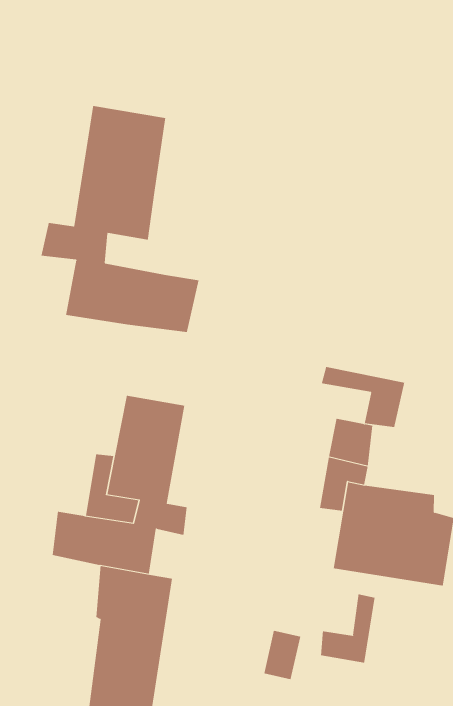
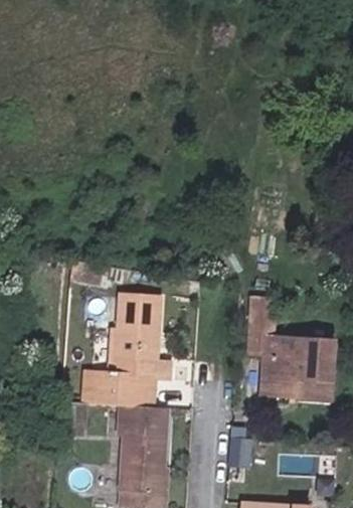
building: [41,105,199,333] -> none
building: [321,366,405,428] -> none
building: [320,594,375,664] -> none

